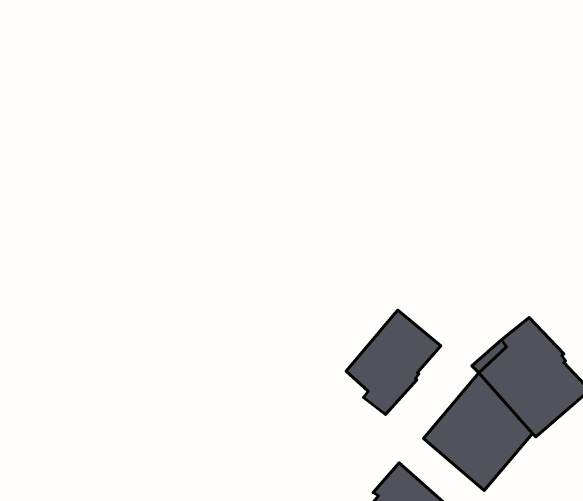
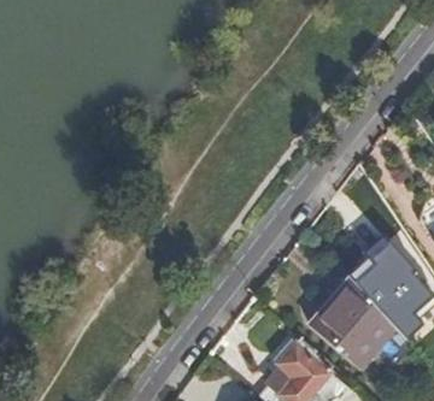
building: [346,310,441,415] -> none

